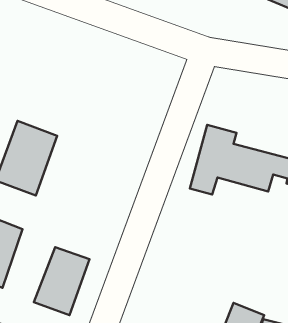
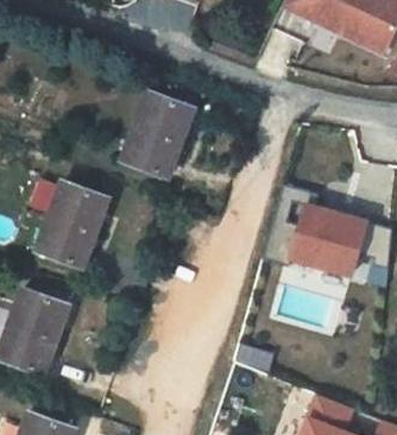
building: none -> [121,90,194,178]
building: [34,247,89,315] -> none

